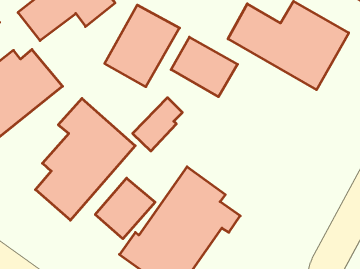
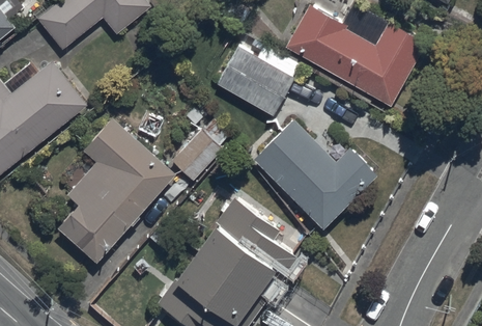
building: [105,5,180,87] -> none
building: none -> [254,120,377,230]
building: [95,178,155,239] -> none

